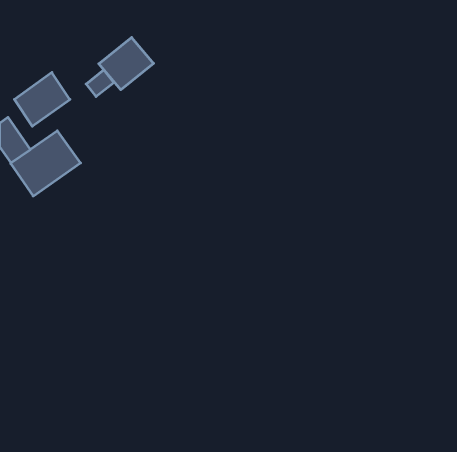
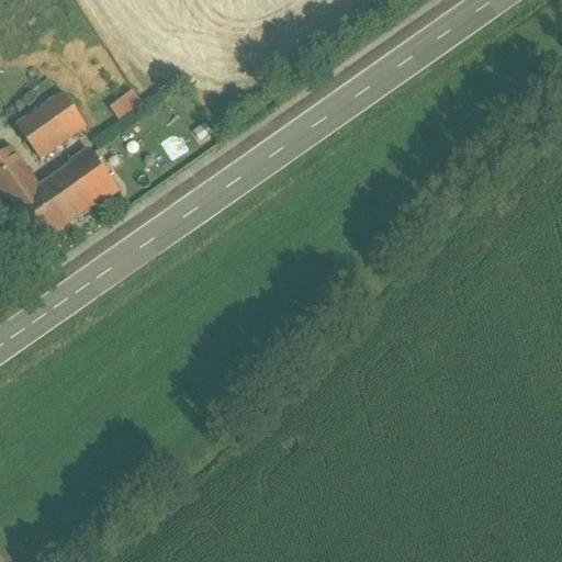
building: [99,37,154,90] -> none
building: none -> [70,146,117,200]

